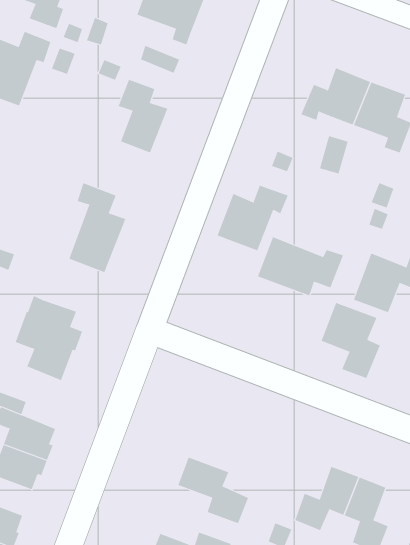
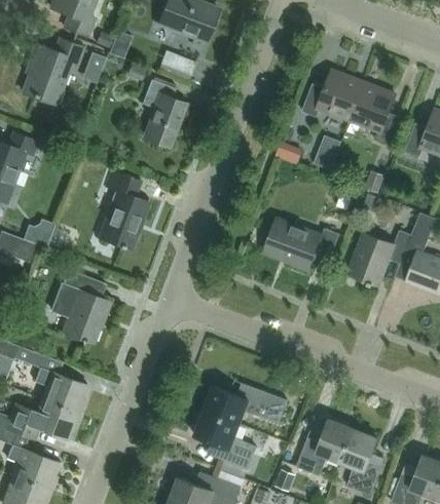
building: [217,185,288,251] -> none
building: [321,302,380,379] -> none
building: none -> [204,385,288,424]

